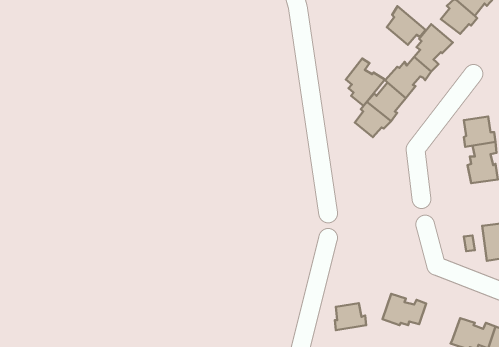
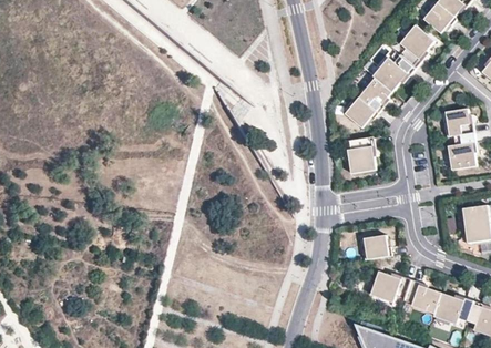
building: [387,6,426,45] -> none
building: [346,58,385,106] -> none
building: none -> [347,136,375,173]
building: [335,303,366,330] -> [361,235,390,259]
building: none -> [403,279,441,314]

